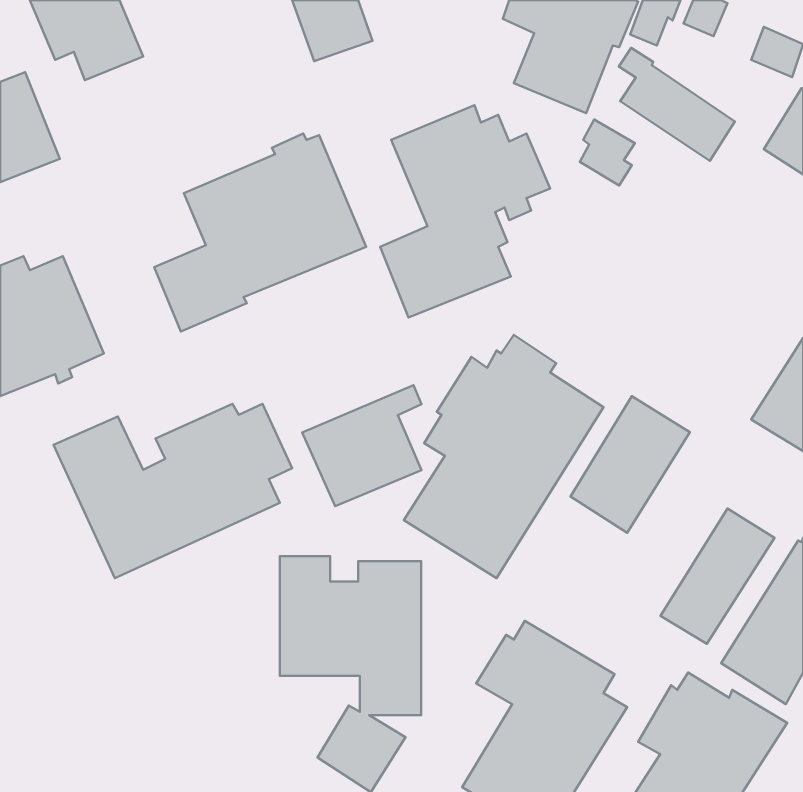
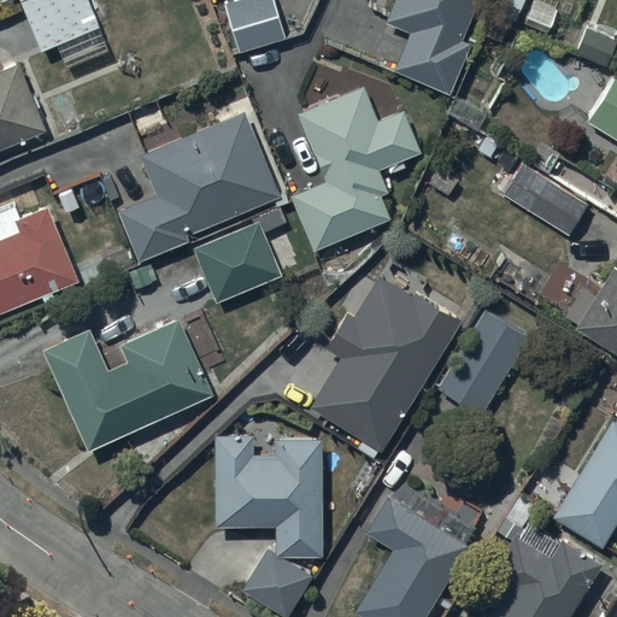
building: [619,48,735,161] -> [498,151,587,237]
building: [302,385,421,506] -> [192,212,283,305]
building: [661,508,774,644] -> none

